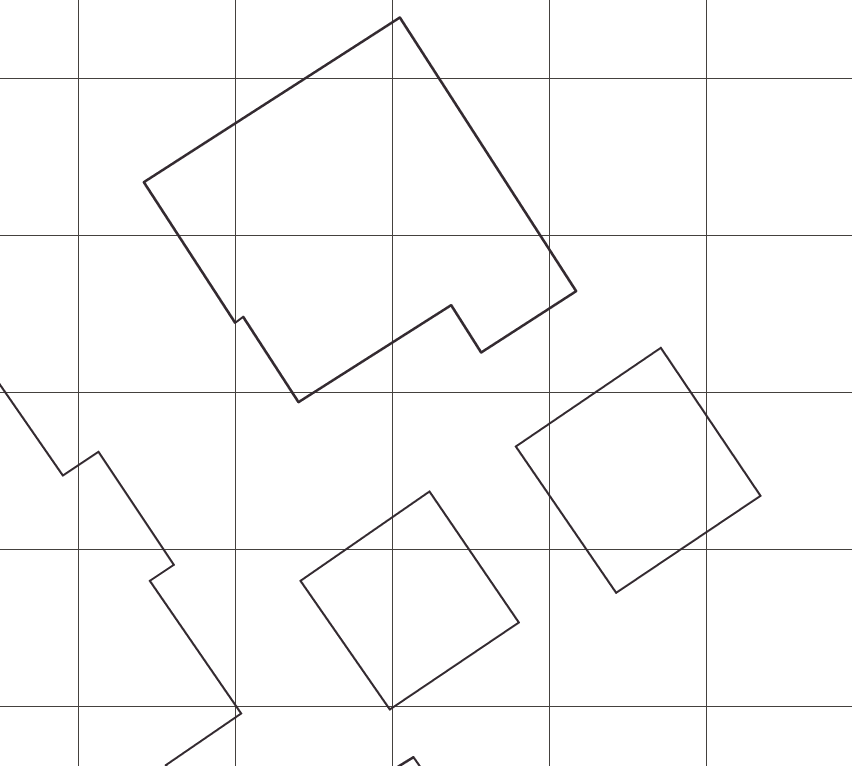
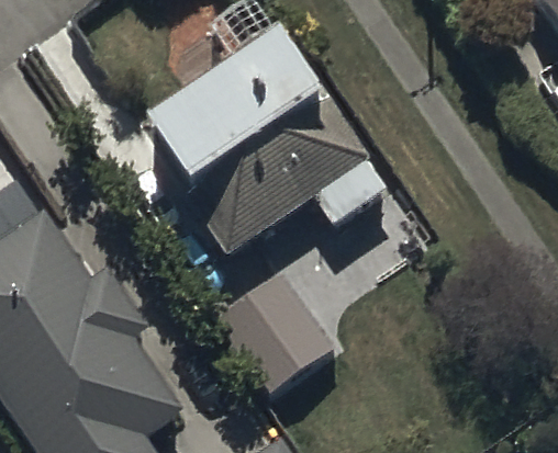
building: [516,348,760,593] -> none

